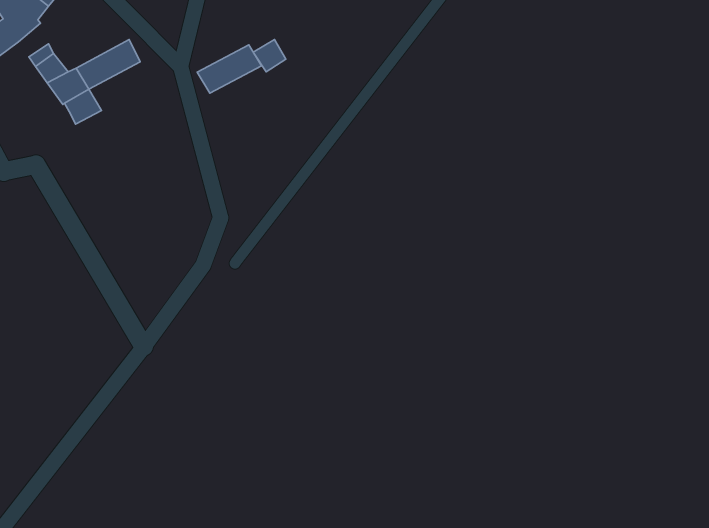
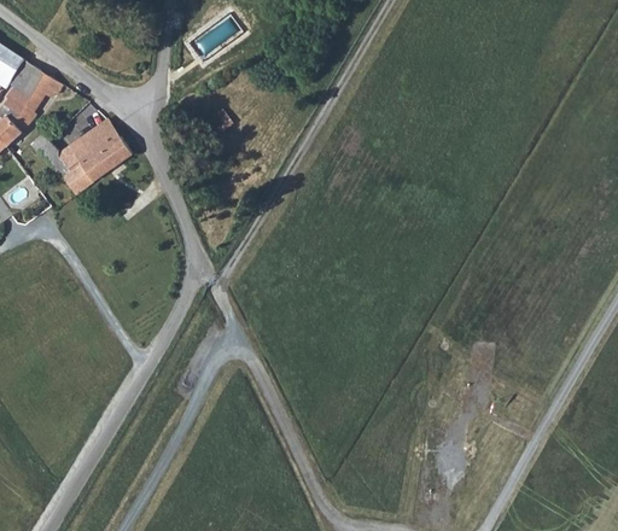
building: [197,45,261,93] -> [80,138,130,180]

